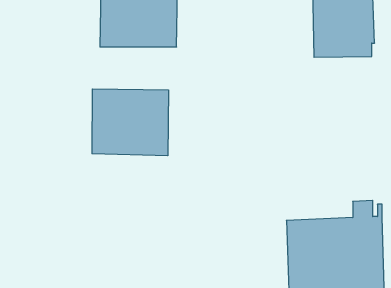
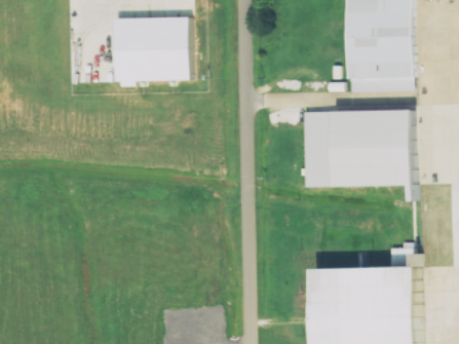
building: none -> [297,109,403,193]
building: [92,89,168,156] -> none

